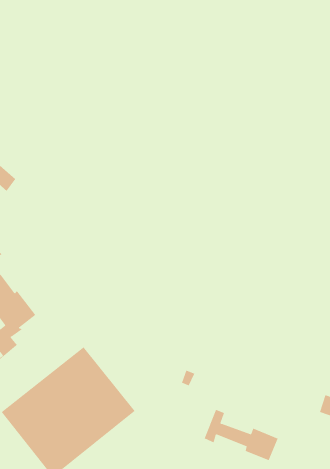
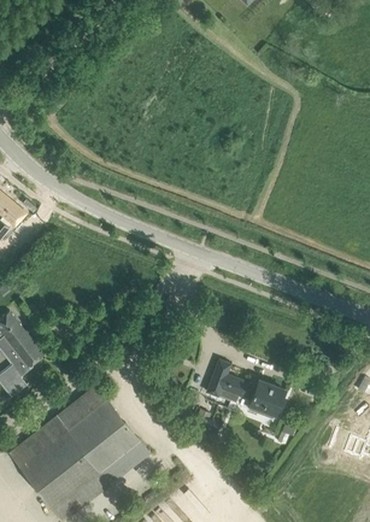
building: [204,409,279,461] -> [207,362,284,415]

